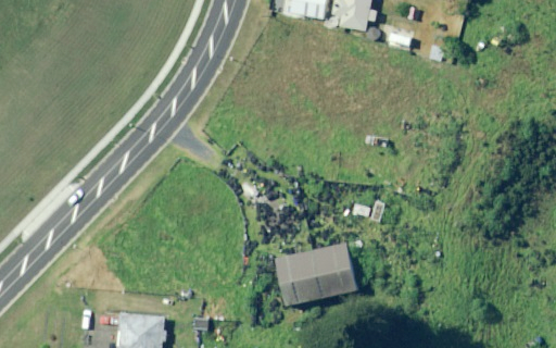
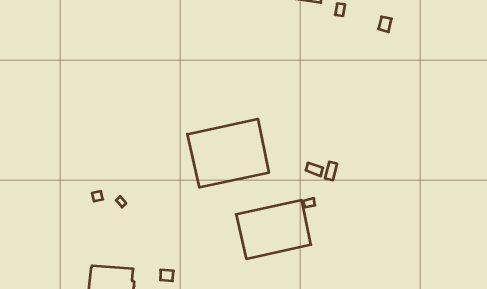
building: none -> [187,119,269,187]

